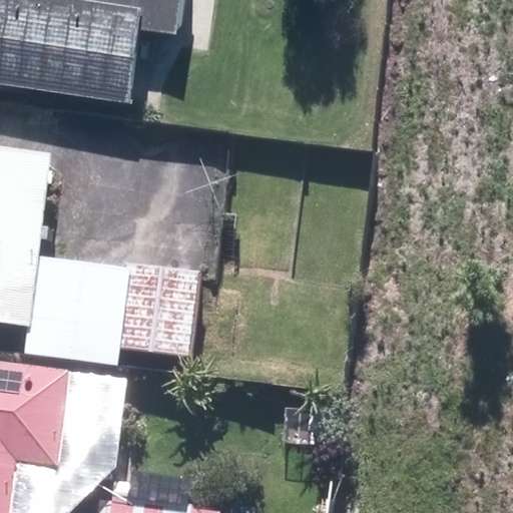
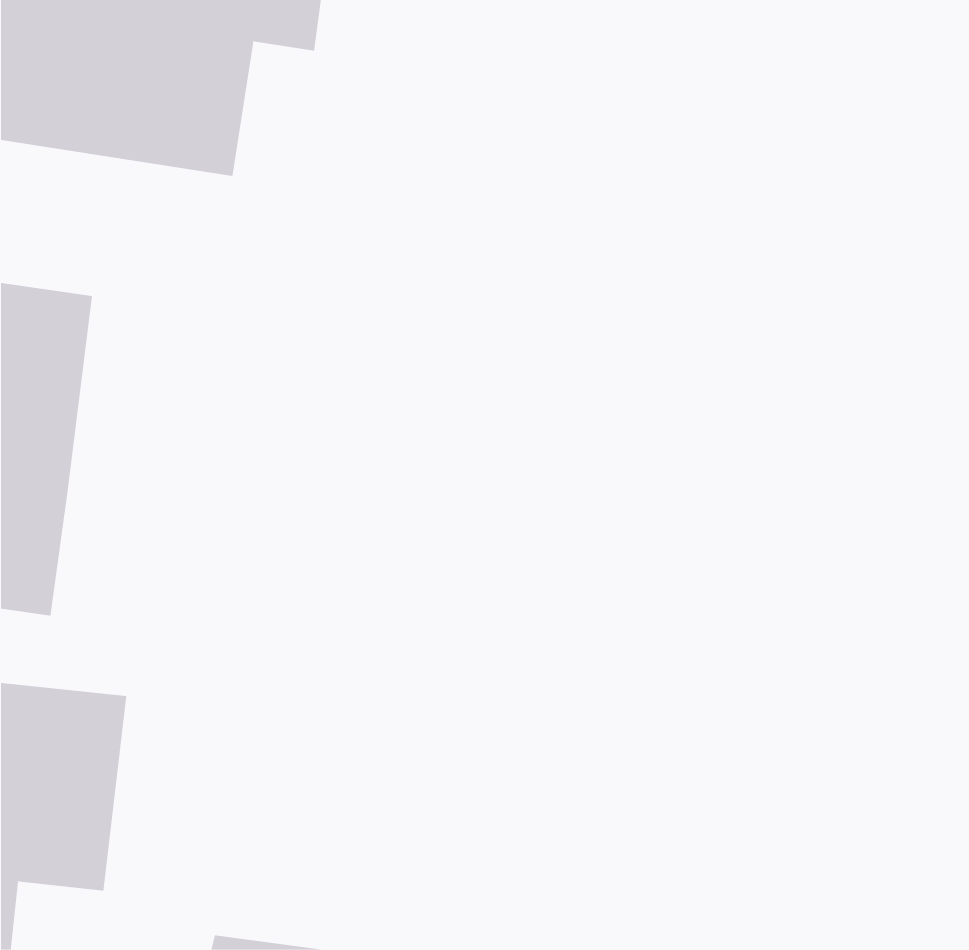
building: [23,261,197,368] -> none

